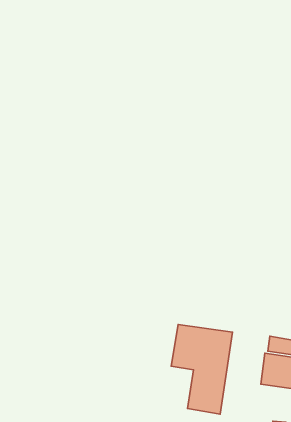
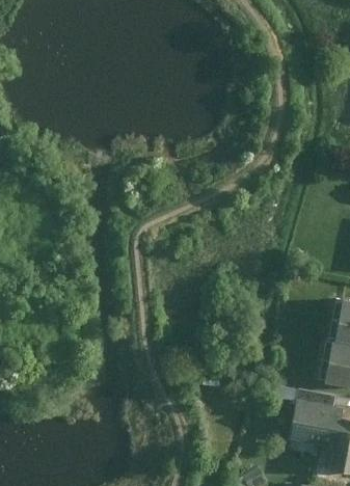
building: [171,324,232,414] -> none

